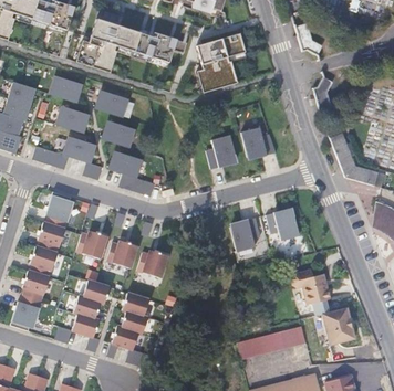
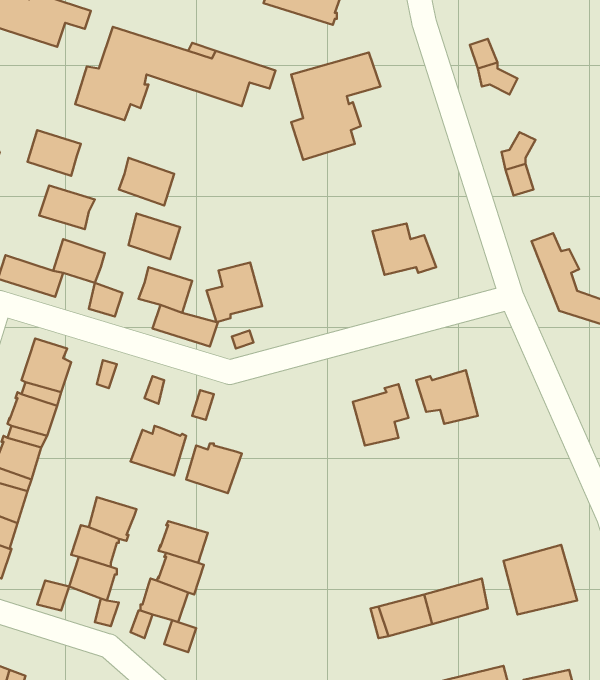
building: [206,135,237,168] -> [207,263,262,322]
building: [76,230,107,257] -> none
building: [291,268,331,304] -> none

